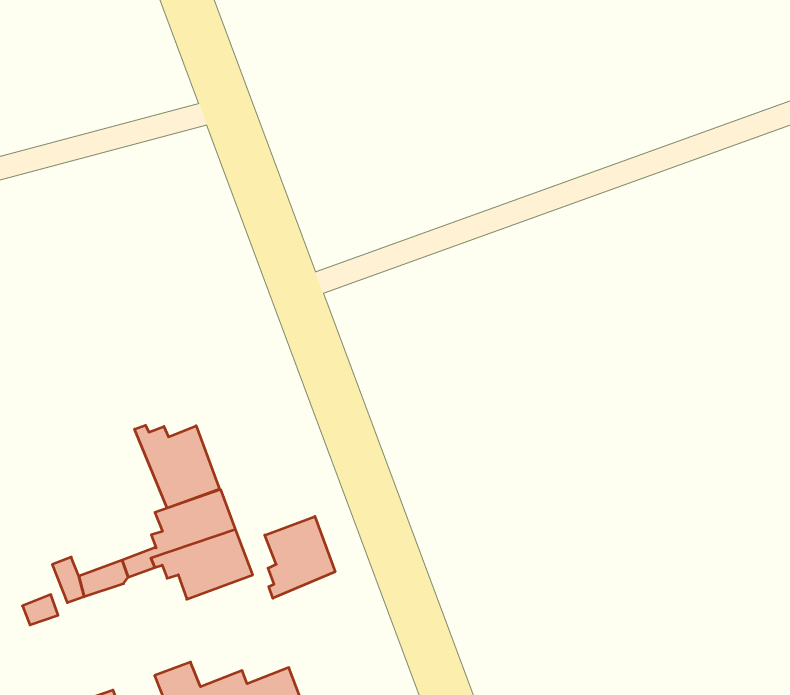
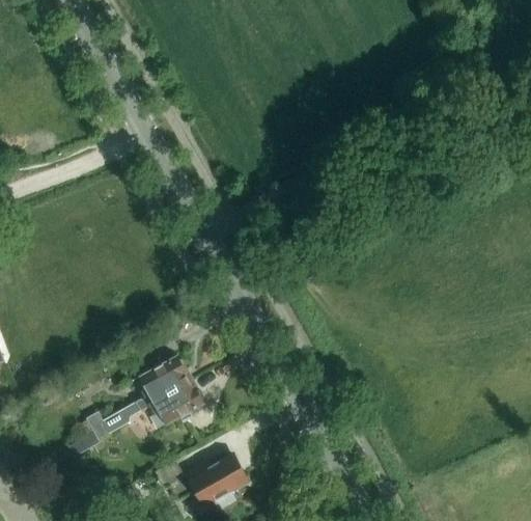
building: [135,425,220,508] -> none
building: [265,516,335,598] -> none

